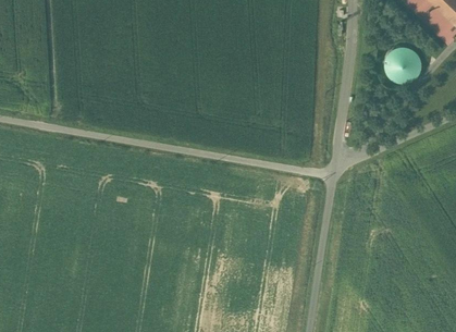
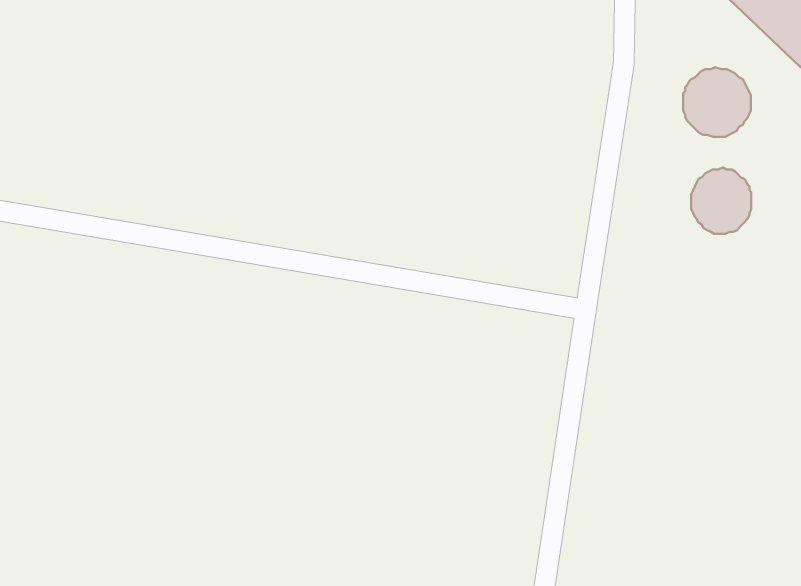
building: none -> [691,168,751,234]

